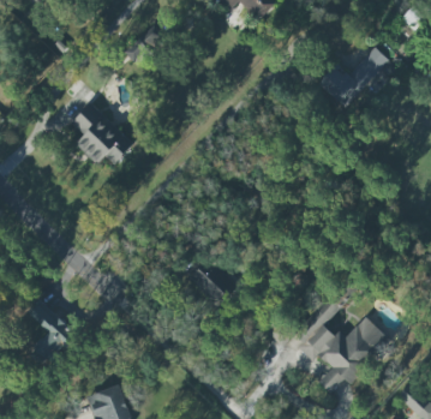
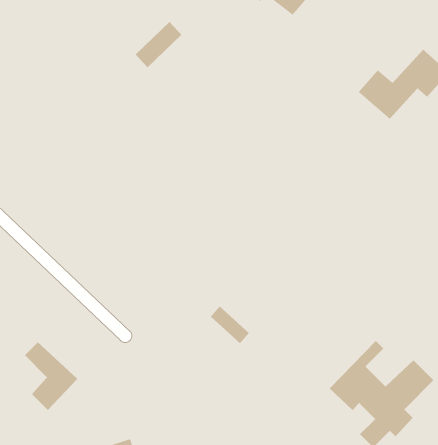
building: [71,103,133,166] -> none

